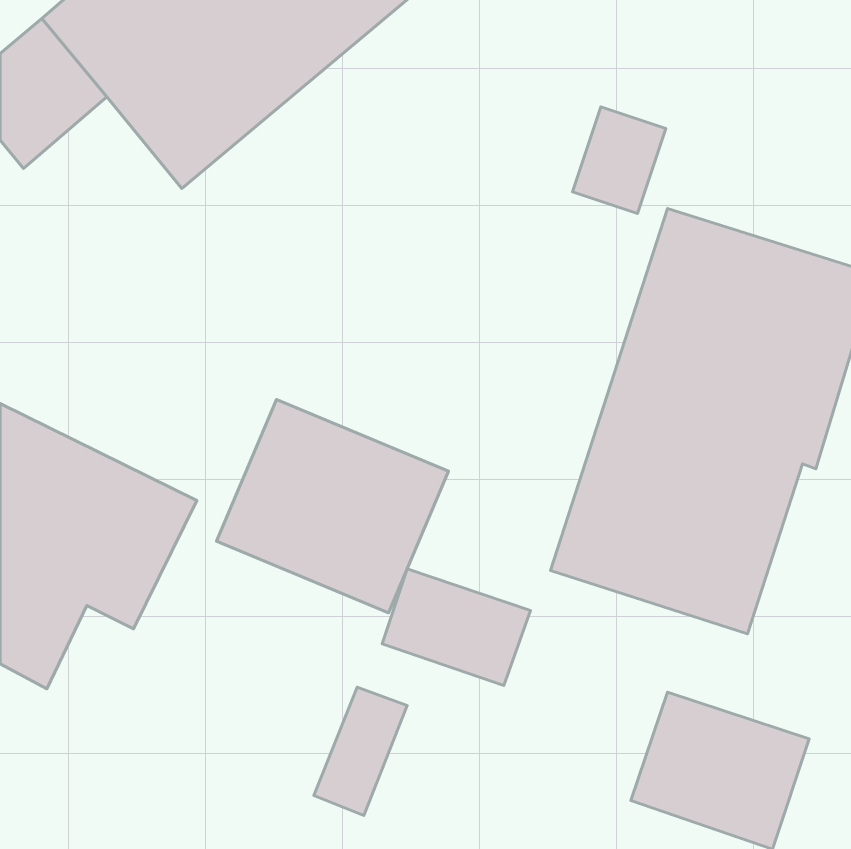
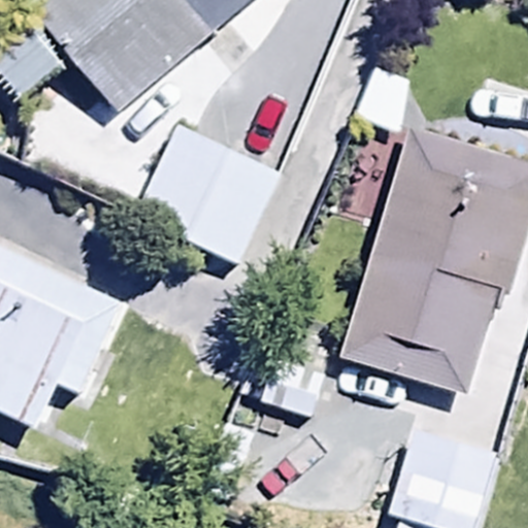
building: [216,399,448,613] -> [132,126,275,258]

